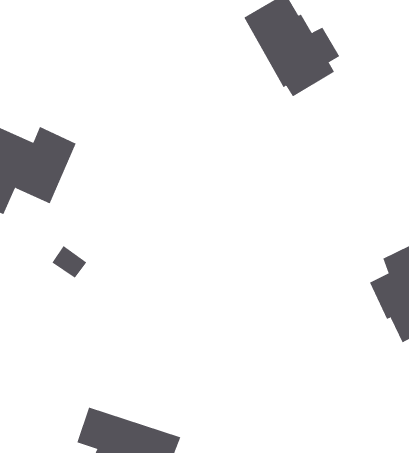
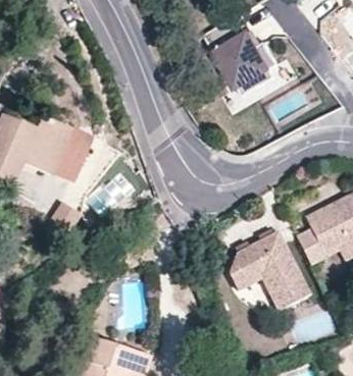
building: none -> [52,128,93,184]
building: none -> [231,232,309,310]

